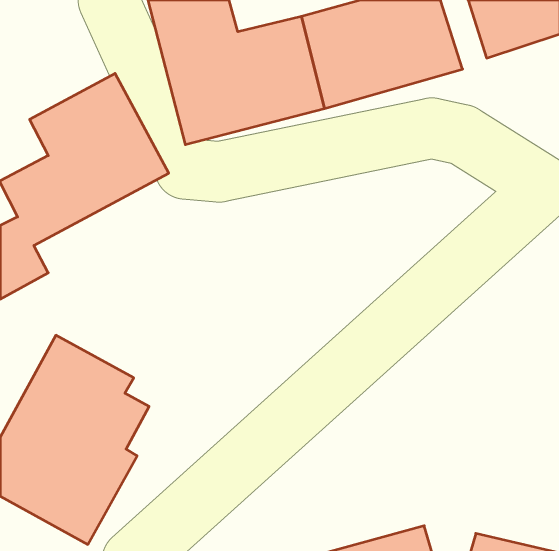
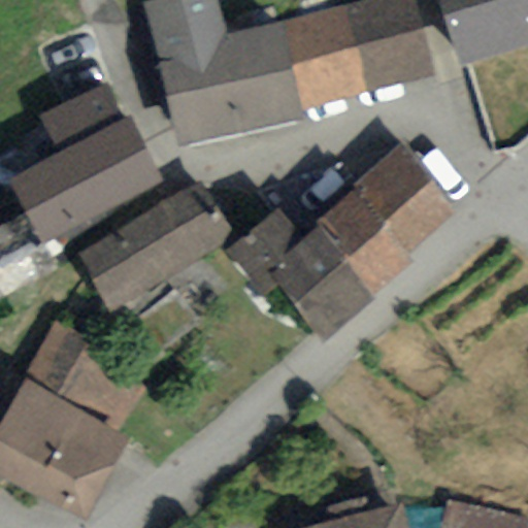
building: none -> [225,153,453,329]
building: none -> [78,182,231,307]

